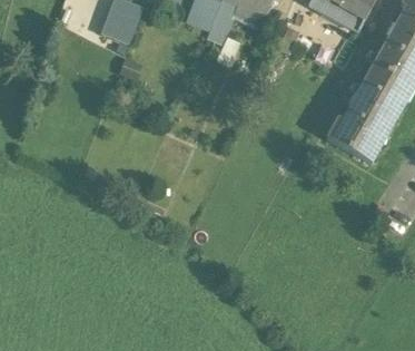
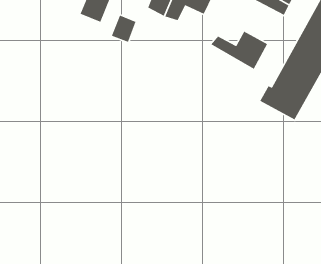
building: none -> [111,14,137,43]
building: none -> [210,31,268,70]

